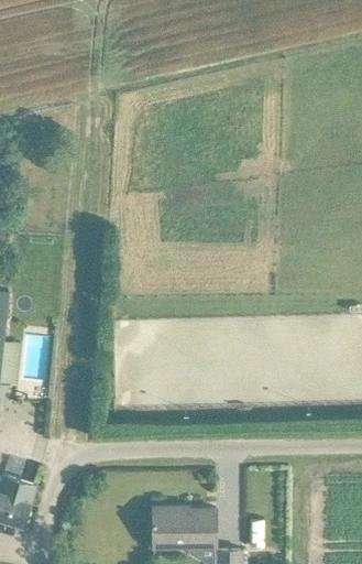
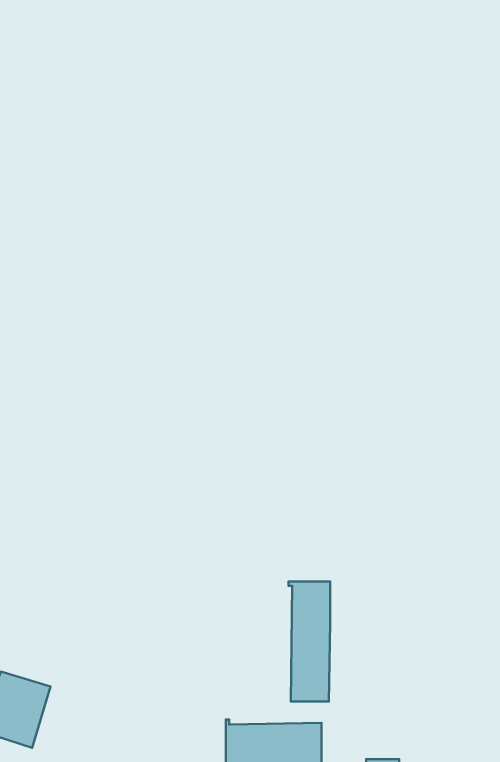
building: none -> [288,582,330,701]

